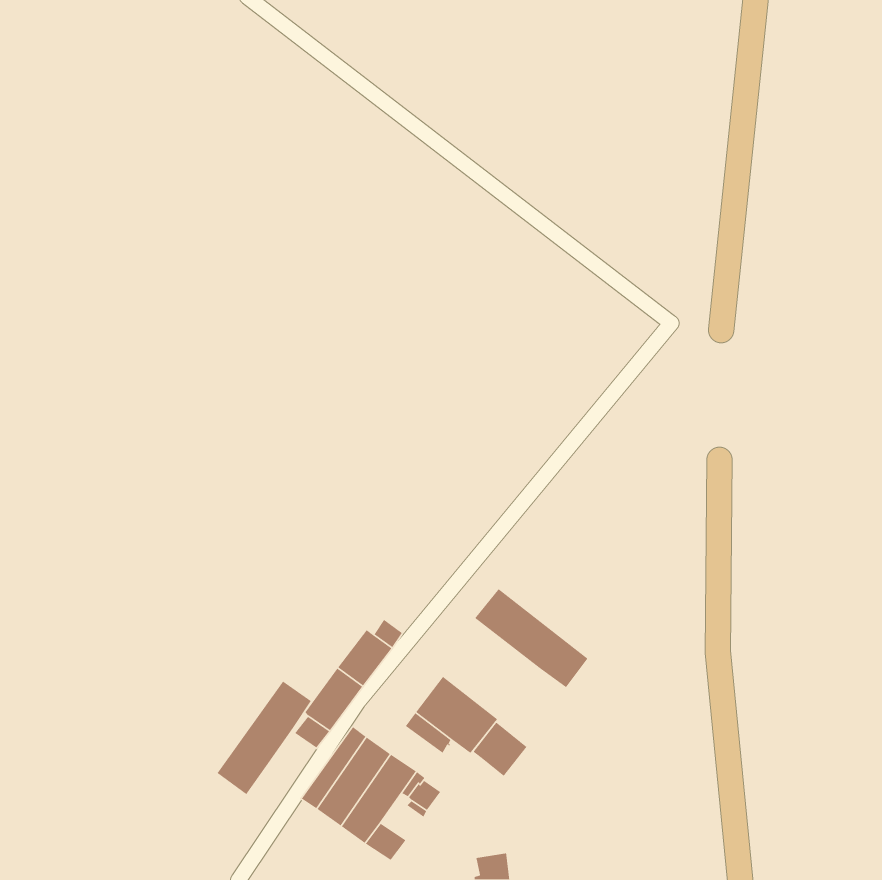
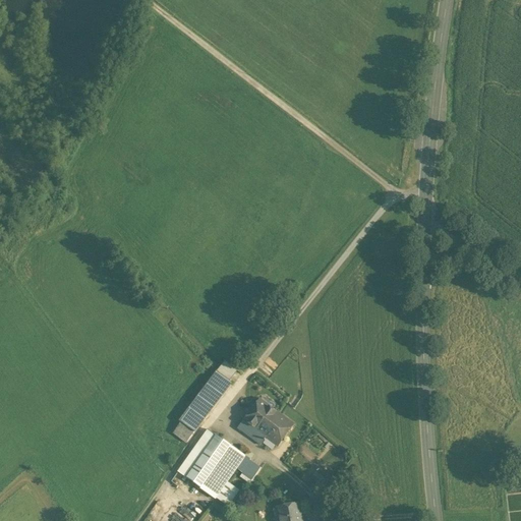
building: [474,588,589,688] -> none
building: [217,681,312,795] -> none
building: [473,722,527,777] -> none

